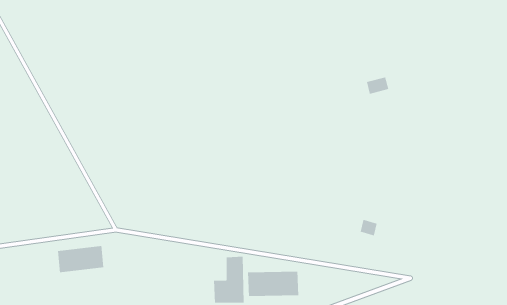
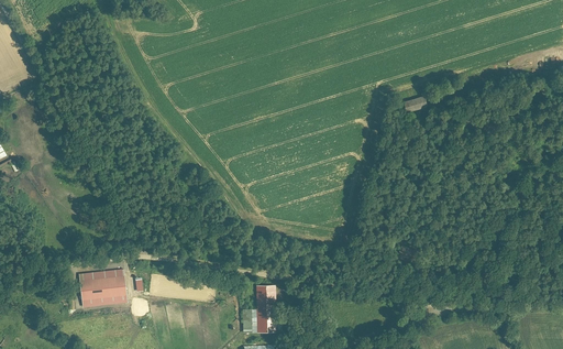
building: [247,271,299,297] -> none

